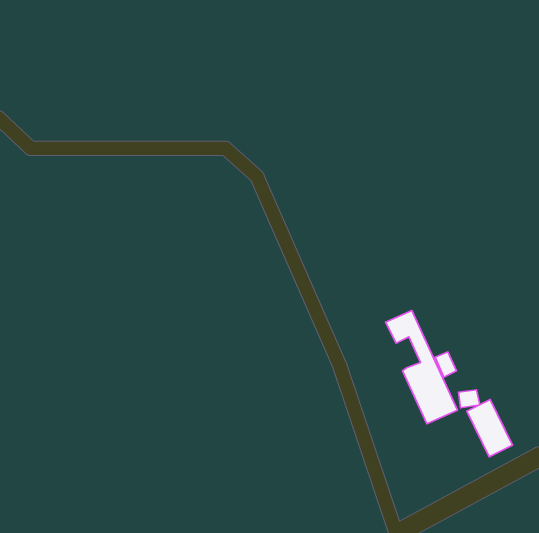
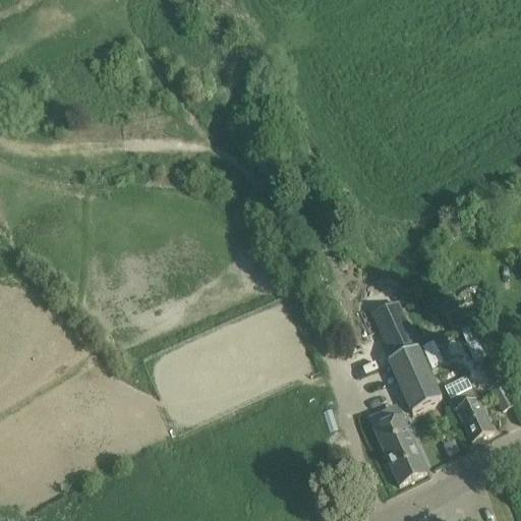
building: none -> [372,413,425,480]

